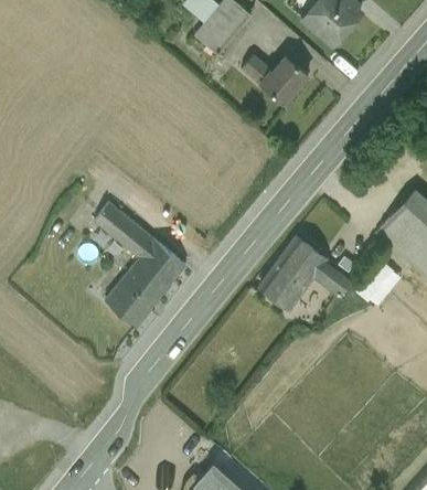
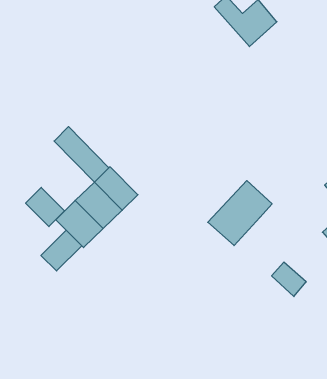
building: [313,260,350,295] -> [272,262,306,297]
building: none -> [26,187,65,227]
building: none -> [41,230,82,271]

